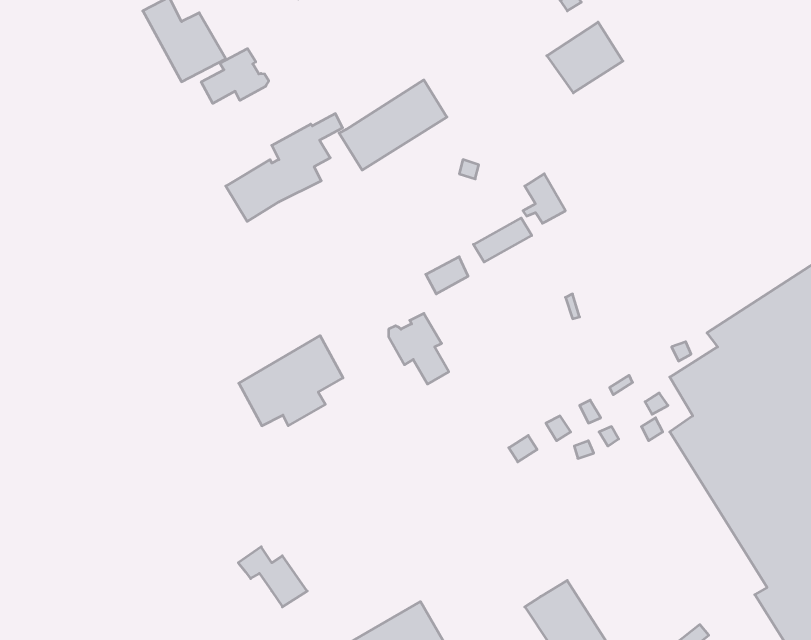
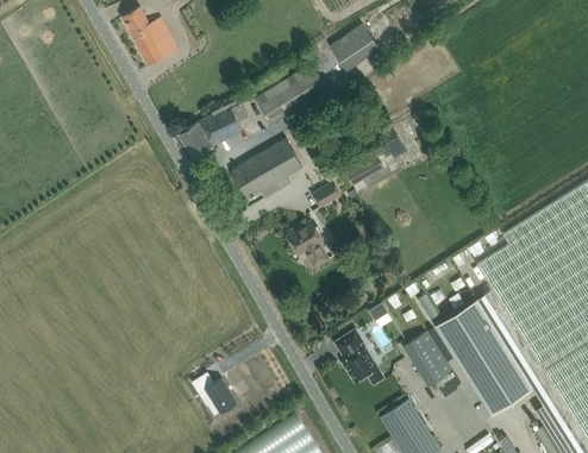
building: [547,22,623,93] -> [329,23,380,70]
building: [201,49,269,103] -> none
building: [239,336,343,426] -> [232,138,302,199]
building: none -> [436,300,533,414]
building: none -> [334,329,382,383]
building: none -> [402,332,452,388]

